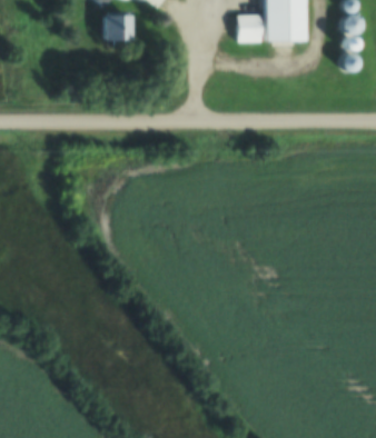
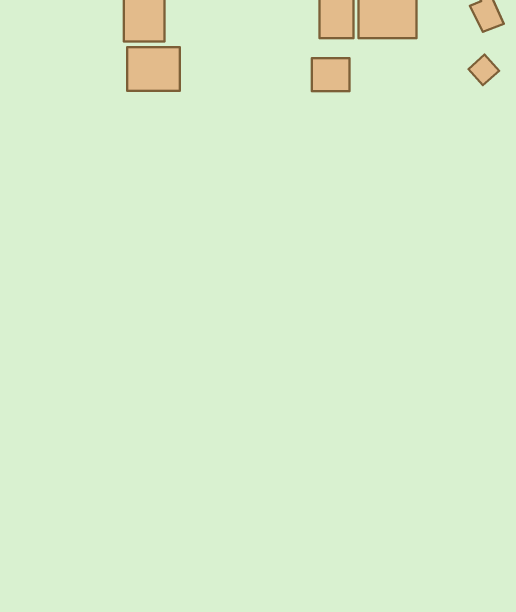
building: none -> [127,47,180,91]
building: none -> [312,58,350,91]

